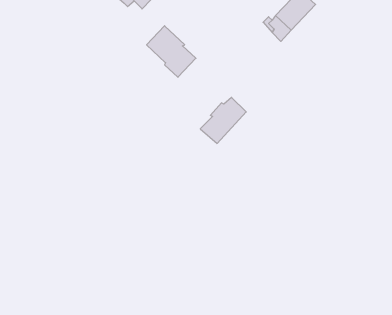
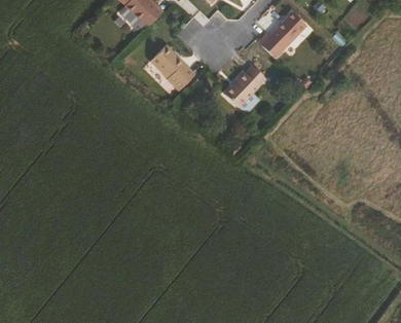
building: [200,97,246,143] -> [224,65,266,107]

